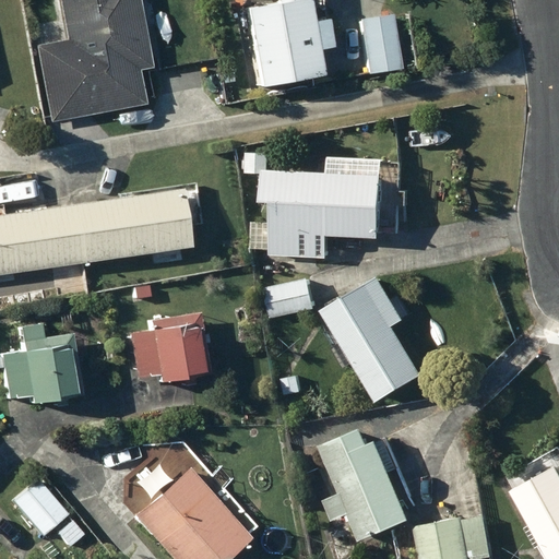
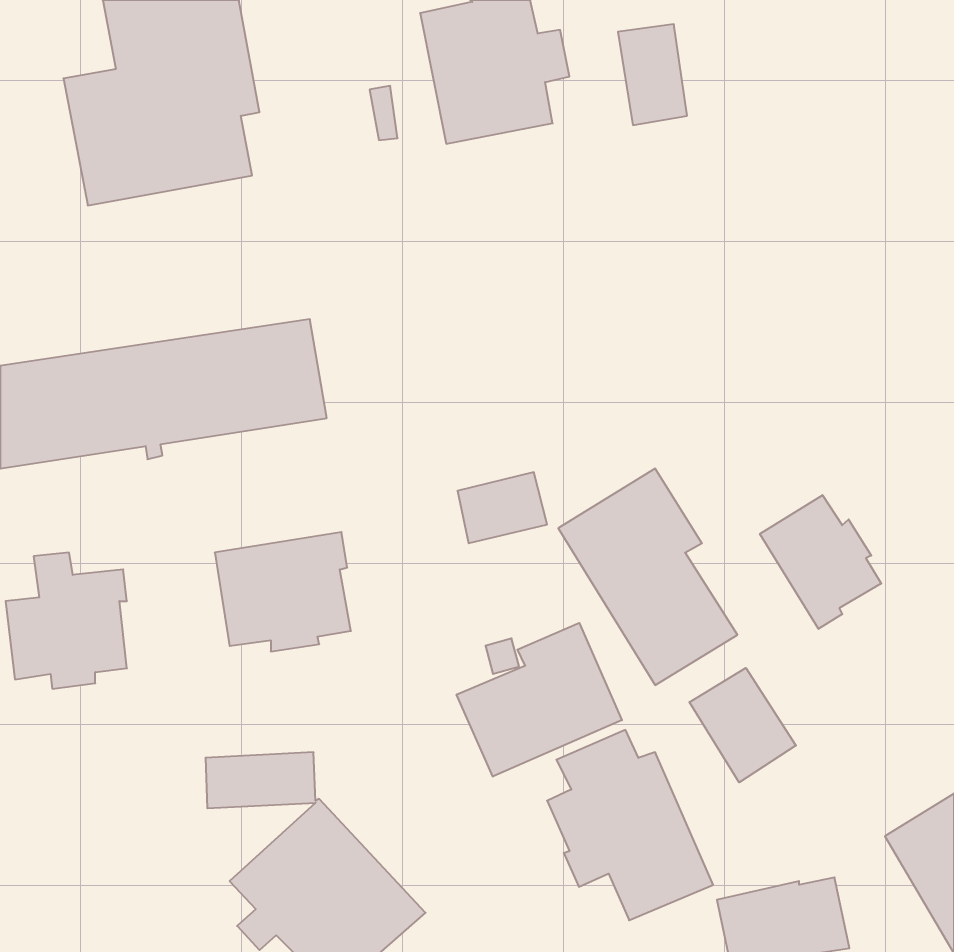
building: [249,152,407,257] -> none
building: none -> [760,495,881,629]
building: none -> [457,623,622,777]
building: none -> [689,668,796,782]
building: [12,479,86,548] -> none

